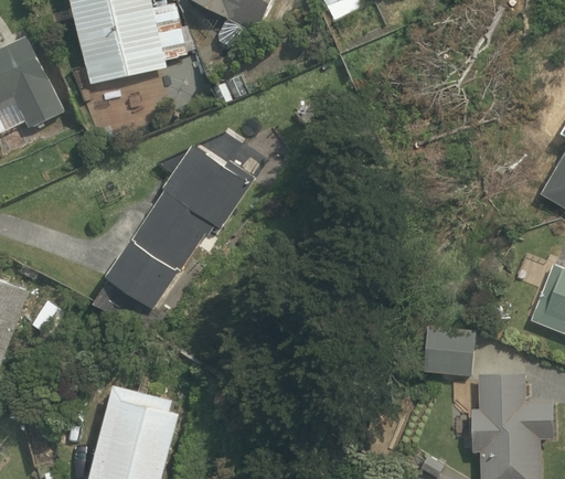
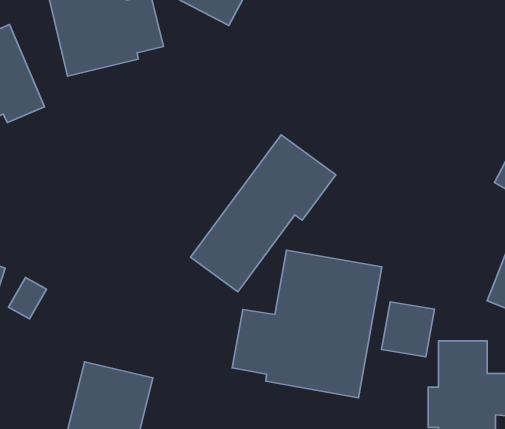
building: [103,143,255,308] -> [190,135,336,292]
building: none -> [232,250,382,398]

